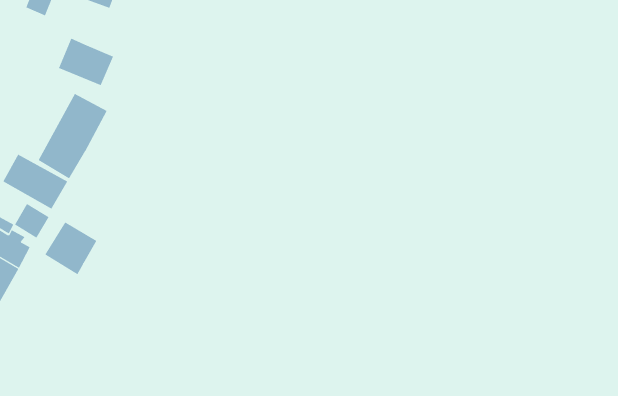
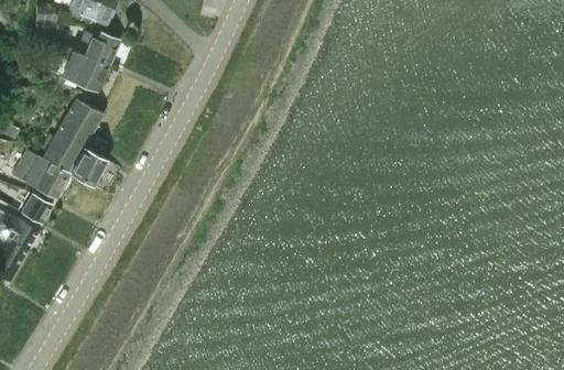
building: none -> [84,33,120,66]
building: none -> [70,149,107,185]
building: [44,221,97,275] -> none

